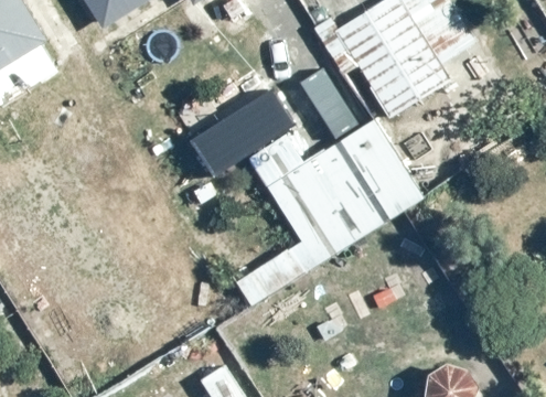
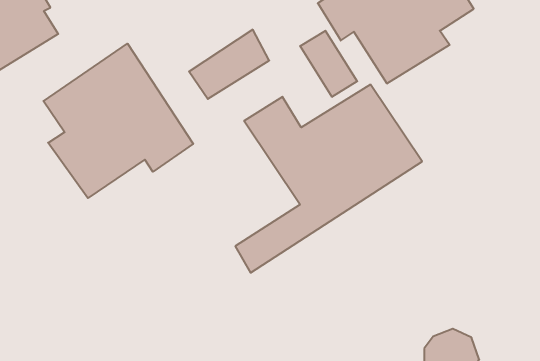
building: none -> [43,44,193,198]

